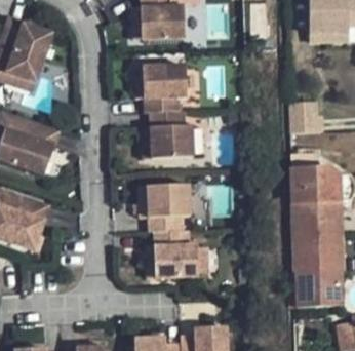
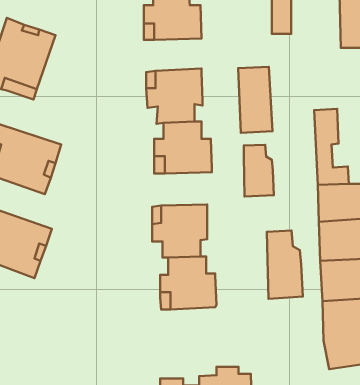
building: none -> [238,67,273,133]
building: none -> [244,145,274,197]
building: none -> [267,231,303,299]

